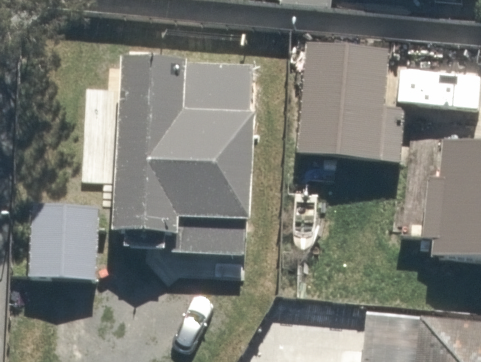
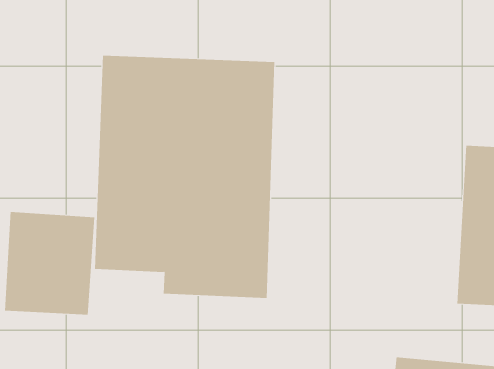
building: [294,36,386,154] -> none

